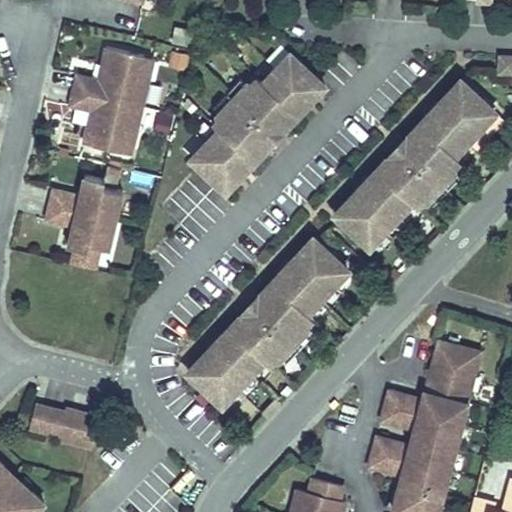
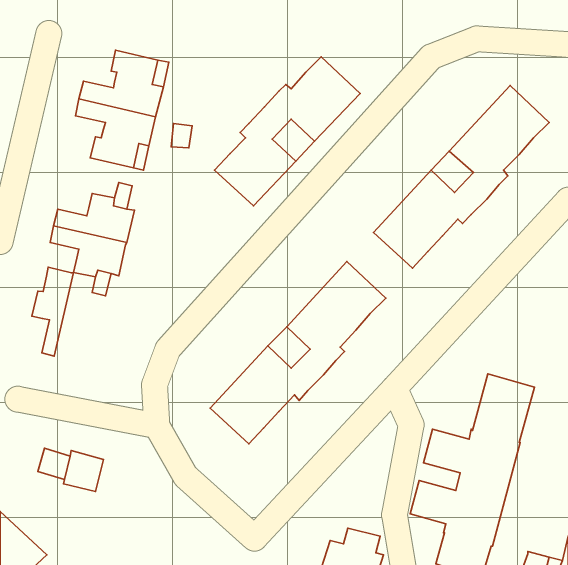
building: none -> [32,267,73,356]

